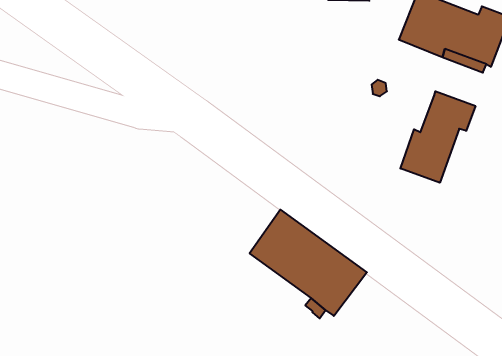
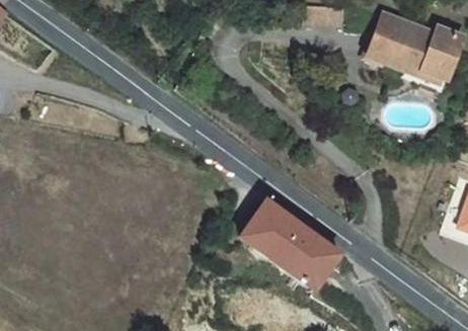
building: [400,91,475,183] -> none

